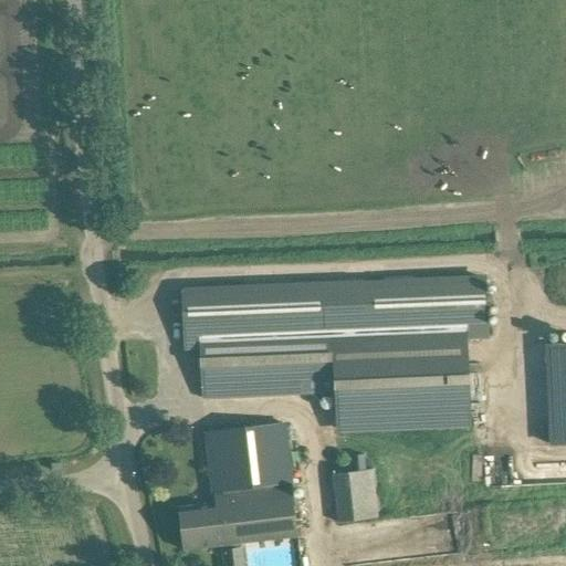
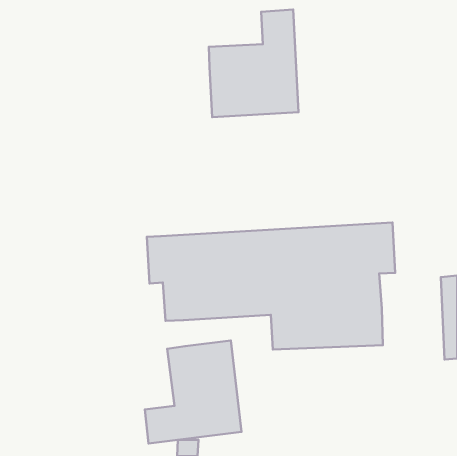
building: none -> [209,10,298,117]
building: [333,469,378,522] -> none

